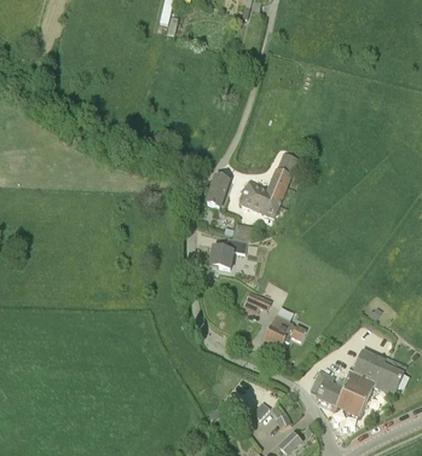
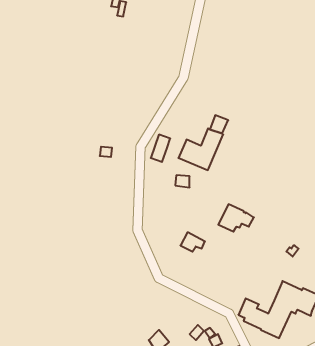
building: [210,237,247,267] -> none
building: [264,313,306,346] -> [218,204,254,232]

